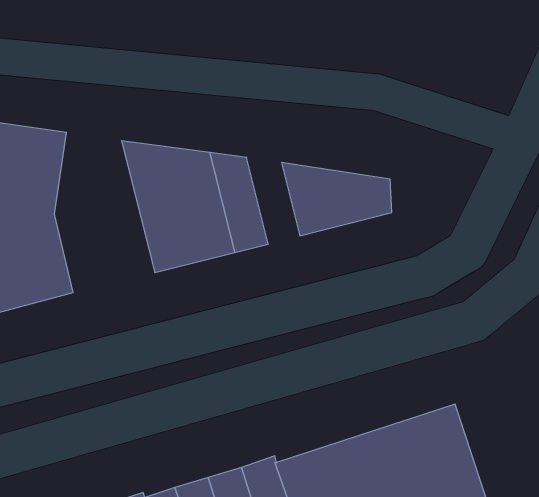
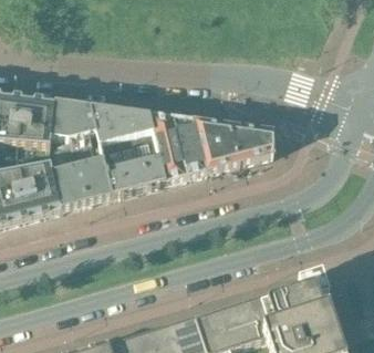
building: none -> [51,100,117,206]
building: none -> [178,116,214,174]

